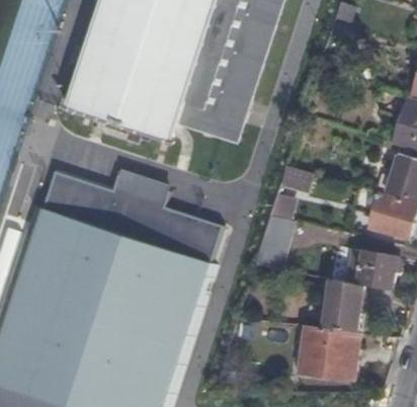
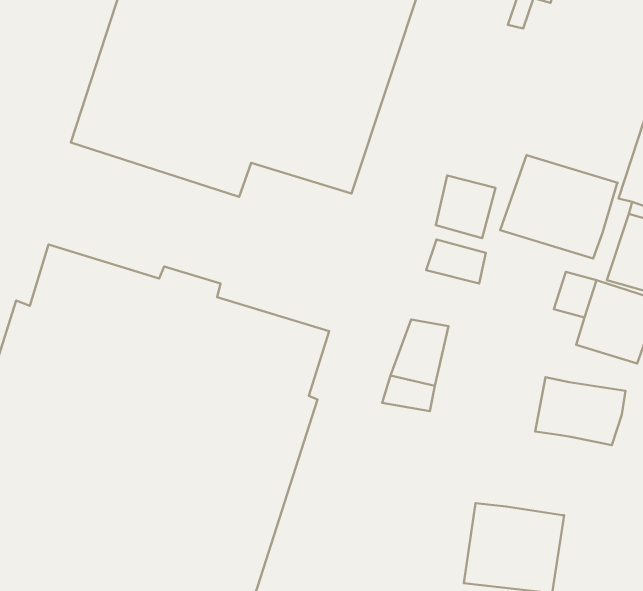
building: none -> [500,155,618,259]
building: none -> [436,175,496,238]
building: [326,279,364,332] -> none

